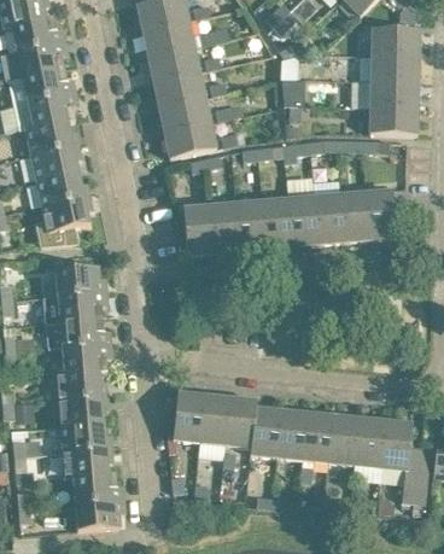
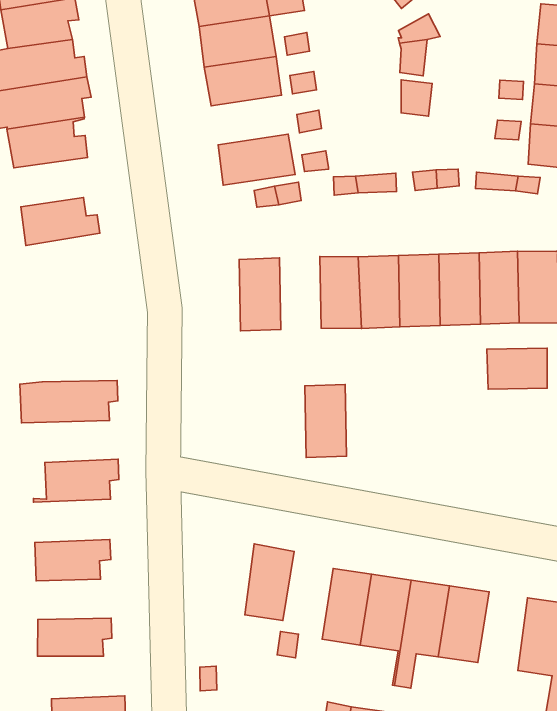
building: [158,97,210,132] -> none
building: [30,145,81,180] -> none
building: [34,194,92,246] -> none
building: [209,202,239,251] -> [305,385,347,457]
building: none -> [487,348,547,389]
building: [54,264,106,295] -> none
building: [45,317,110,349] -> none
building: [56,369,107,401] -> none
building: [173,391,203,441] -> none
building: [224,397,256,454] -> none
building: [355,416,385,467] -> none
building: [60,422,111,451] -> none
building: [64,472,123,503] -> none

